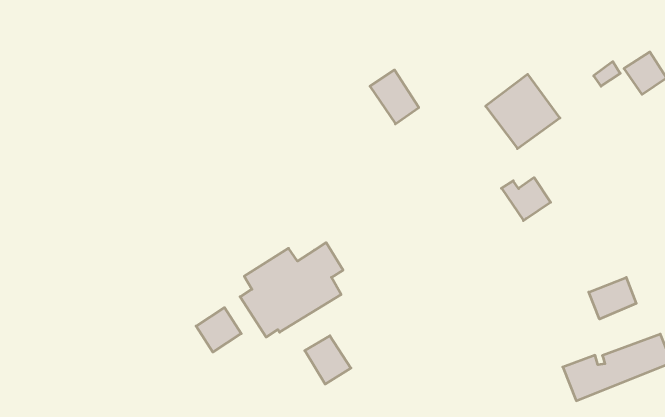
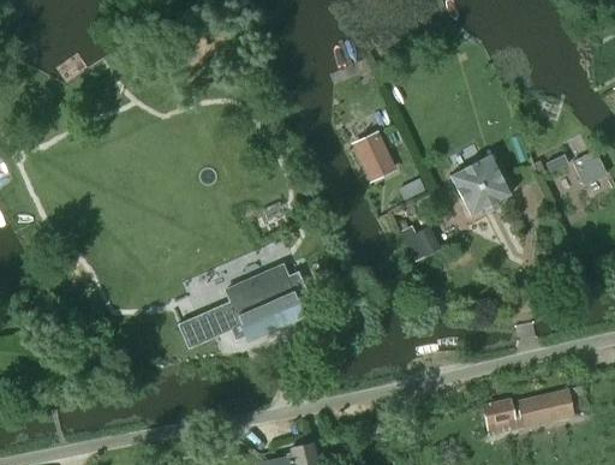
building: [501,178,551,221] -> [400,226,440,261]
building: [589,277,636,319] -> none
building: [305,336,351,384] -> none

